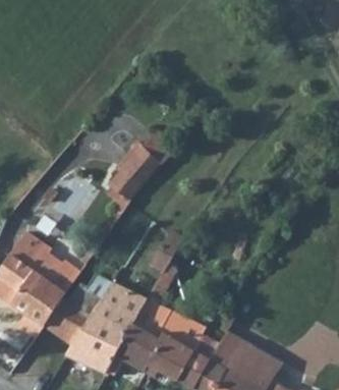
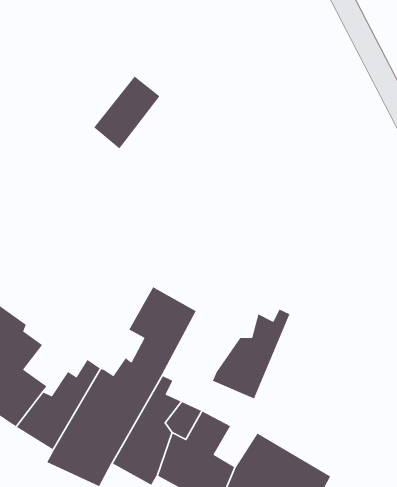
building: [104,144,154,199] -> [93,76,160,149]
building: none -> [212,308,290,399]

